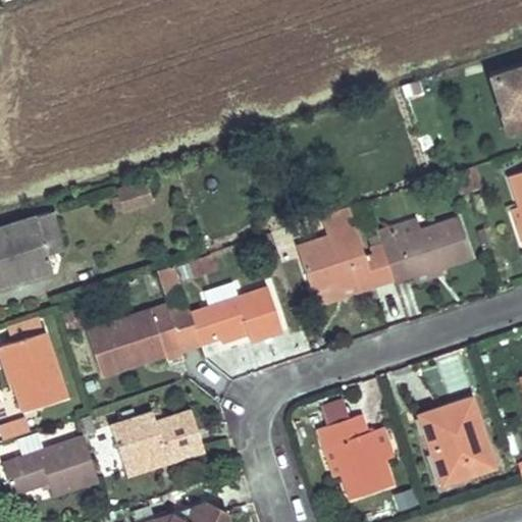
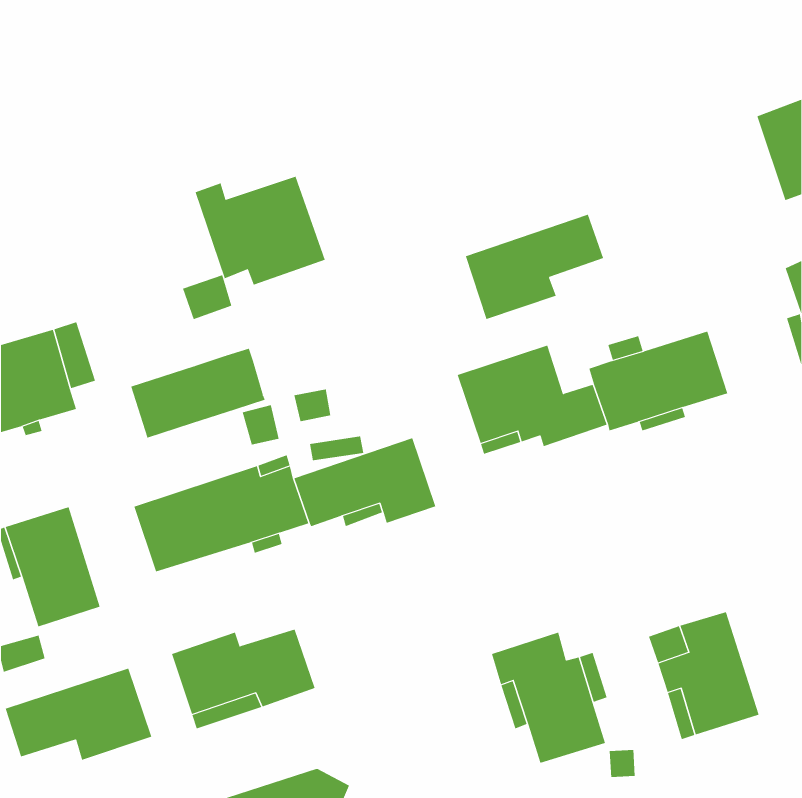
building: none -> [195,176,325,285]
building: none -> [465,214,604,320]
building: none -> [131,348,266,439]

